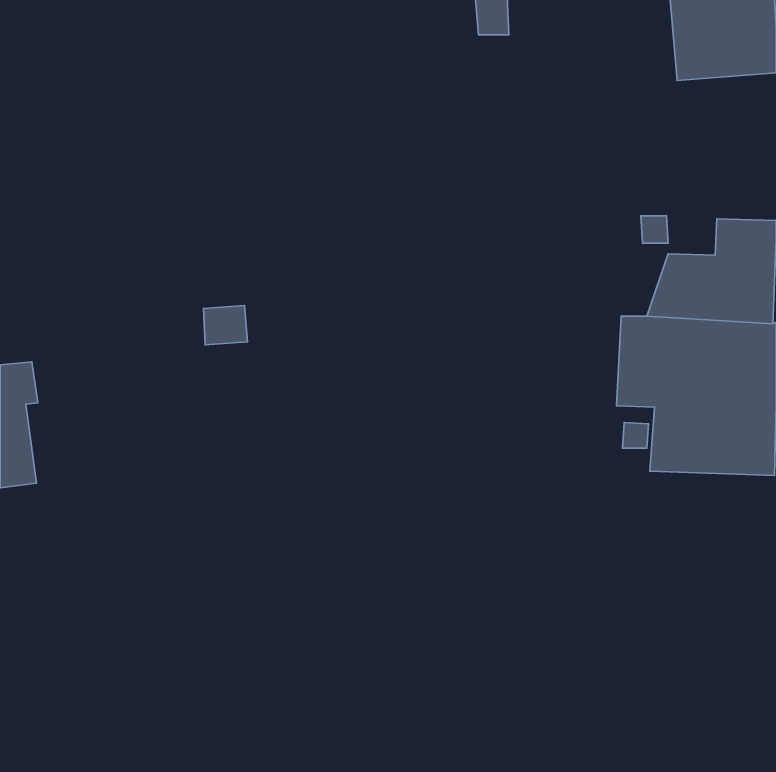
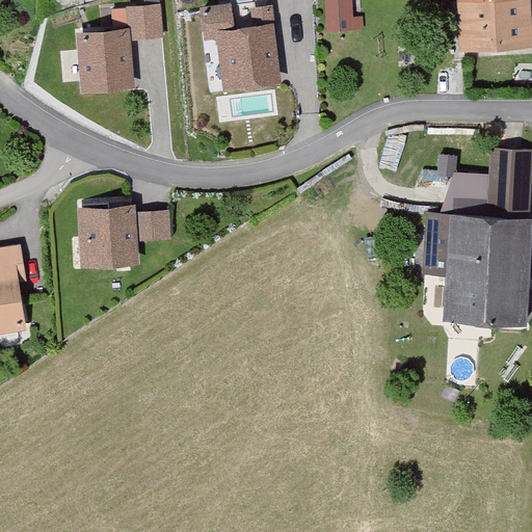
building: none -> [201,6,281,90]
building: none -> [76,8,163,94]
building: none -> [84,207,135,260]

